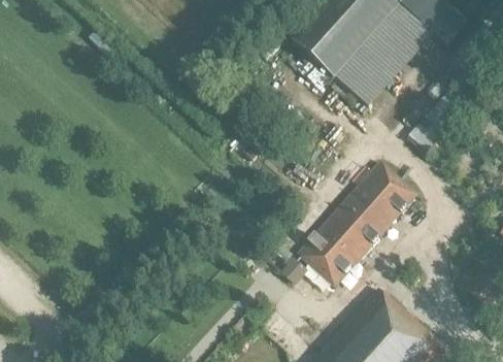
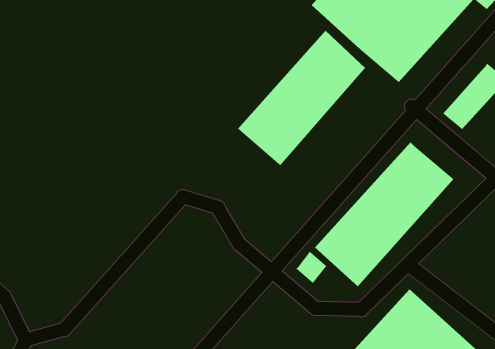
building: none -> [237,30,366,166]

